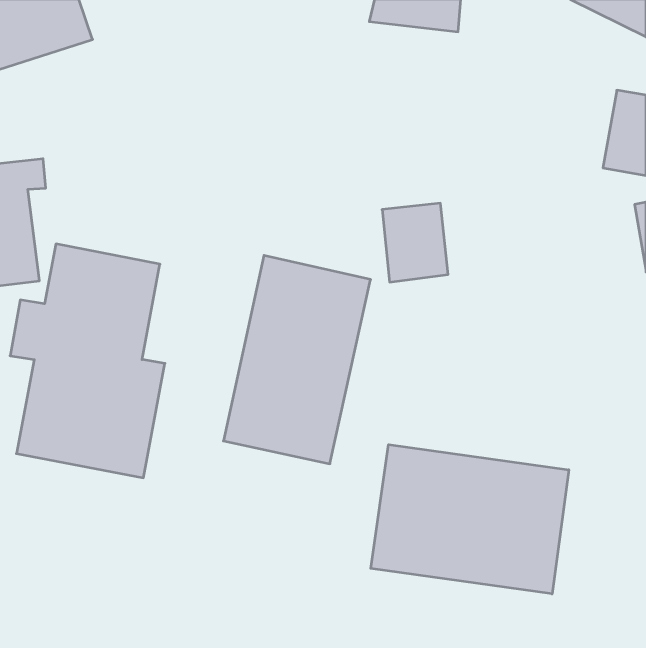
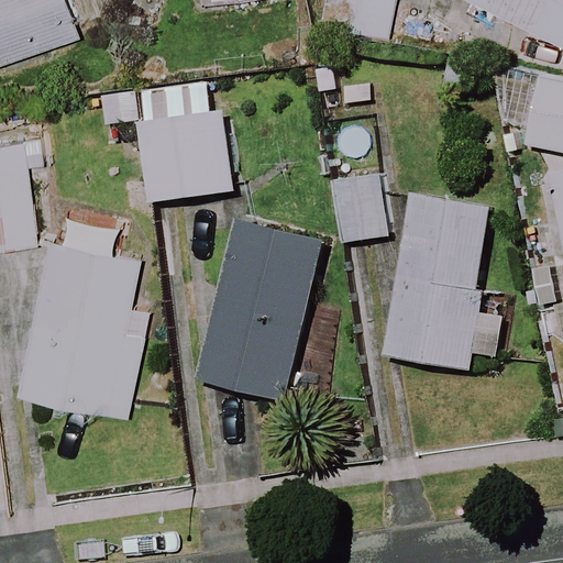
building: none -> [145,104,240,195]
building: none -> [384,195,504,369]
building: [371,445,569,594] -> none

